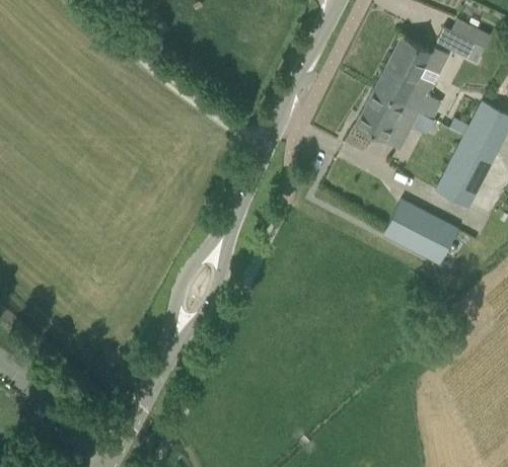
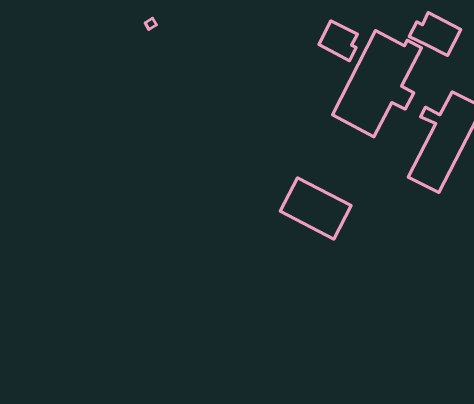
building: none -> [319,21,358,61]
building: [382,201,457,265] -> [280,178,351,239]

